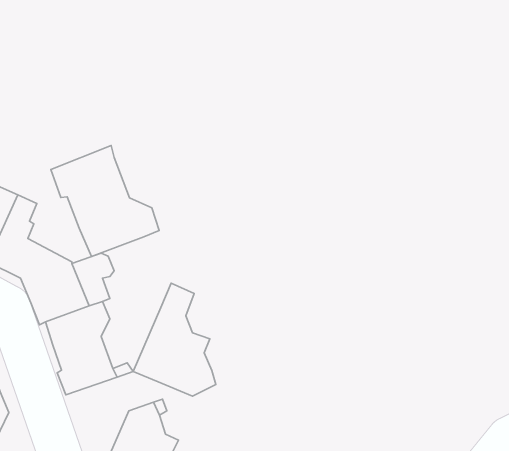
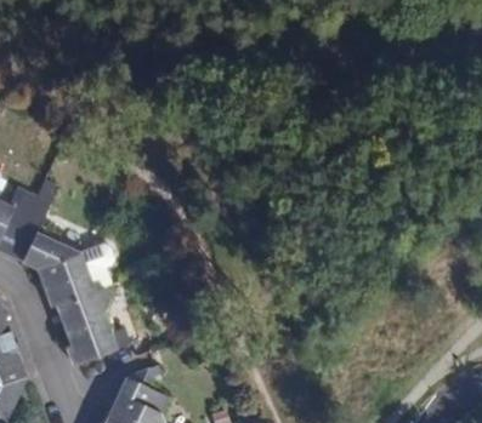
building: [51,145,159,257] -> none
building: [133,283,216,396] -> none

